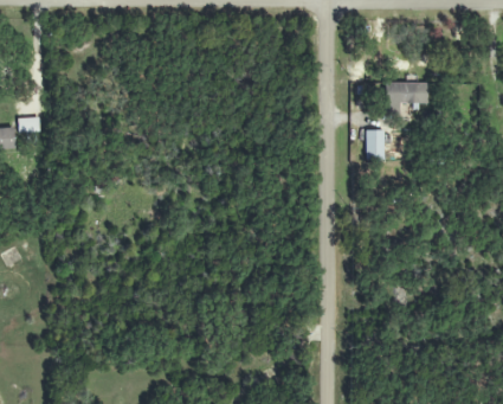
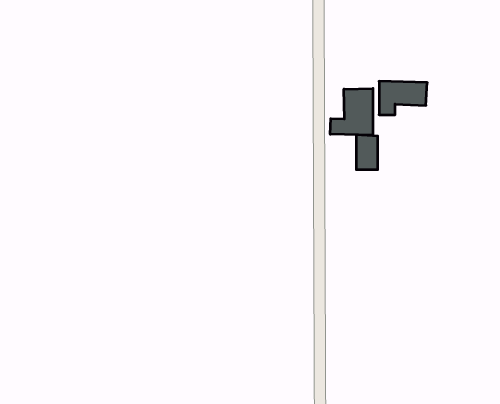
building: none -> [330,88,373,135]

